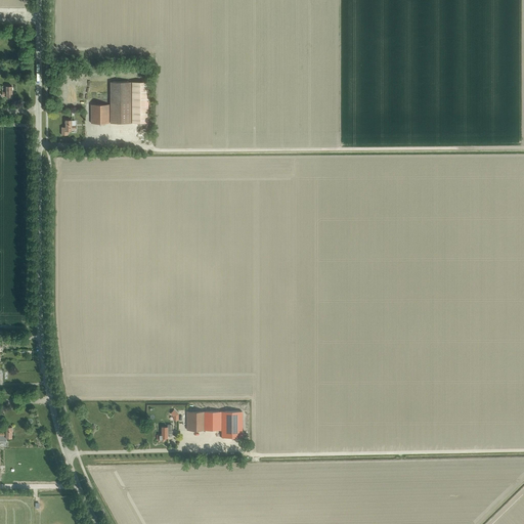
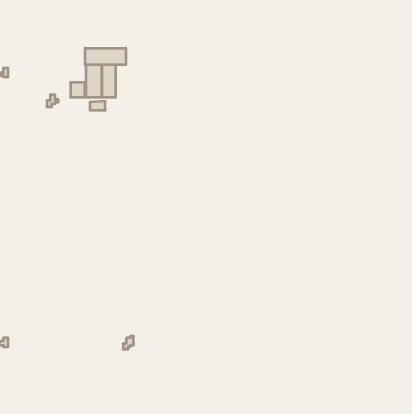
building: none -> [85,48,126,65]
building: [184,411,239,437] -> none

